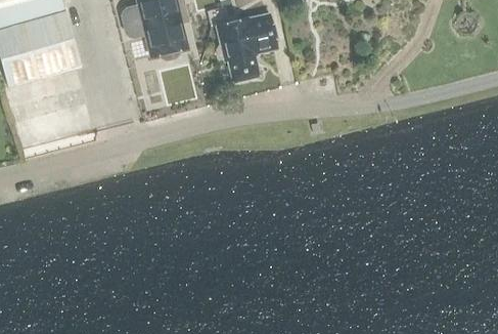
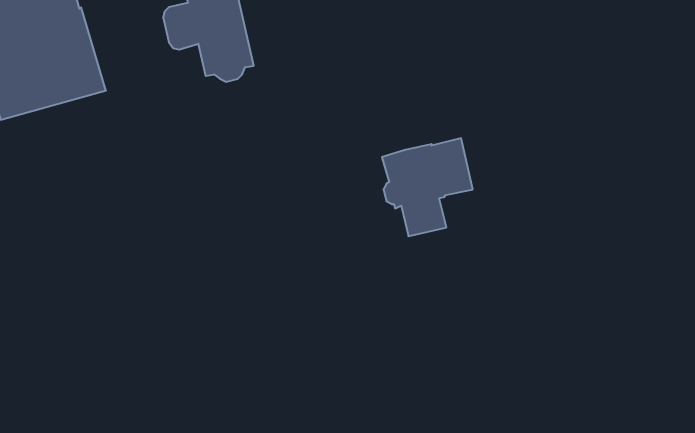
building: [214,12,277,81] -> [382,138,473,236]

